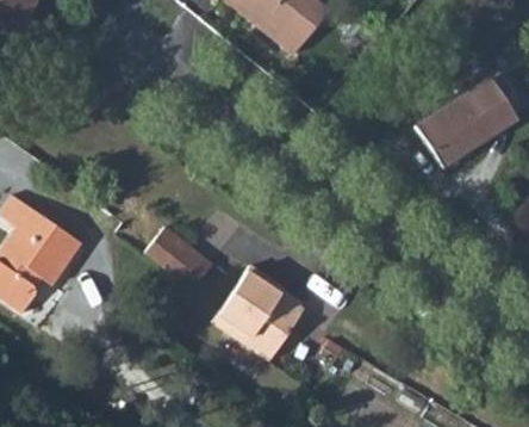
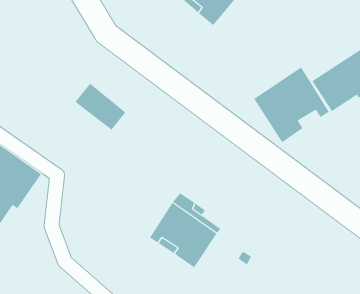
building: none -> [254,66,330,143]
building: [145,227,210,286] -> [74,83,126,131]

